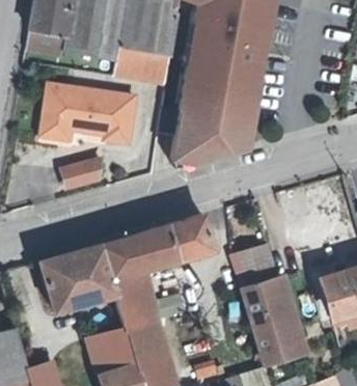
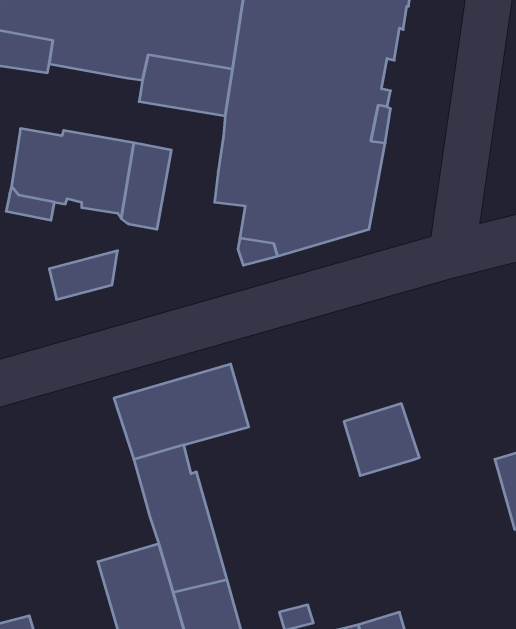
building: [168,214,213,259] -> none
building: [40,243,116,309] -> none
building: [243,278,298,362] -> none

